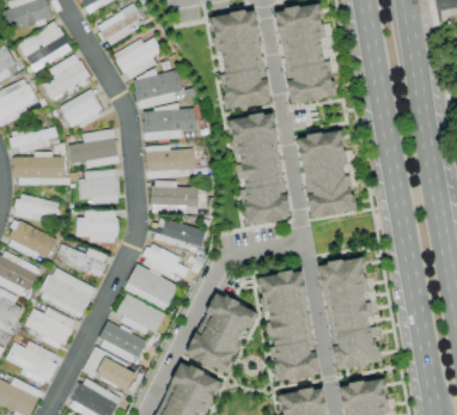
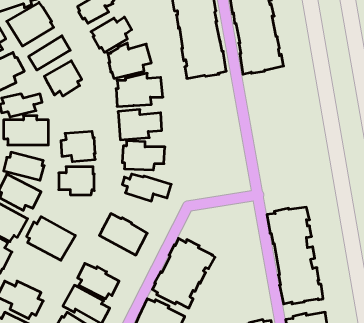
building: [226,111,290,225] -> none
building: [69,129,120,169] -> none
building: [297,129,357,216] -> none
building: [144,244,189,279] -> none
building: [60,245,109,277] -> none
building: [255,269,319,384] -> none
building: [117,294,166,335] -> none
building: [26,307,77,349] -> none

